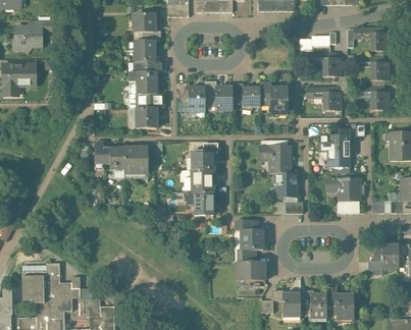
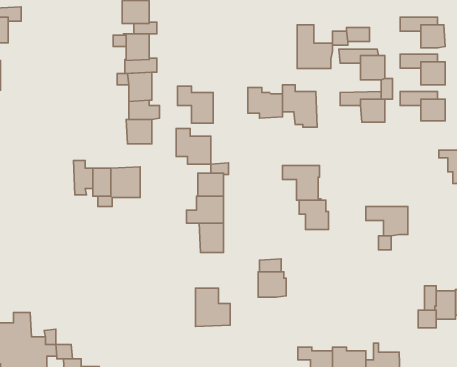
building: none -> [297,25,332,69]
building: [205,80,233,109] -> [176,128,211,164]
building: [318,127,350,172] -> none
building: [237,250,264,280] -> [195,288,230,327]

